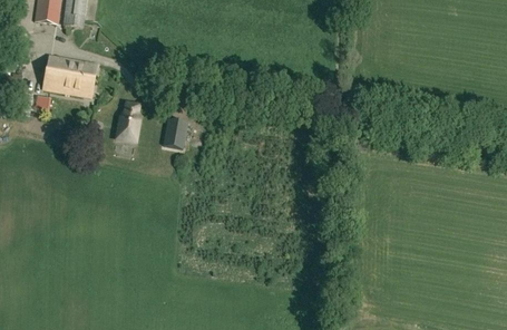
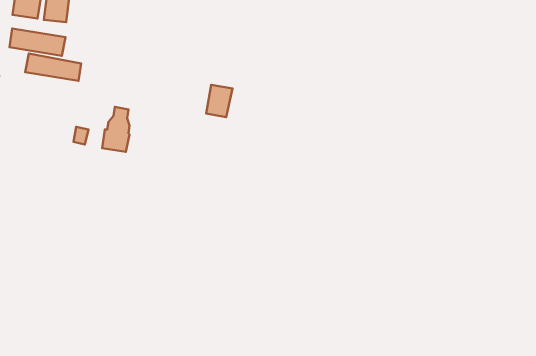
building: [43,71,94,96] -> [10,28,66,56]
building: [164,119,187,148] -> [206,85,232,117]

